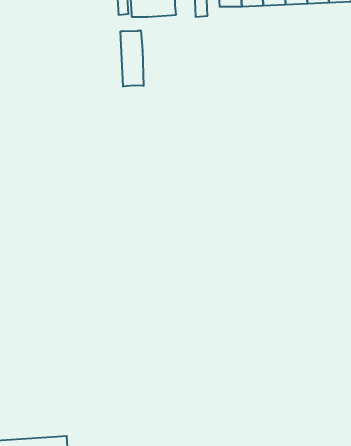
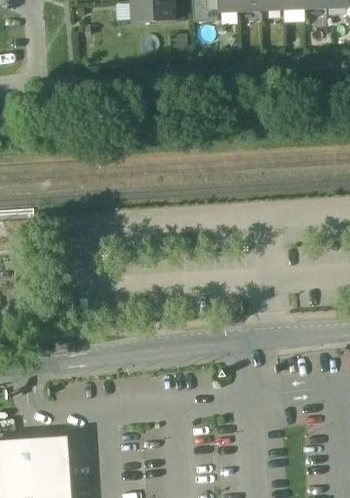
building: [121,30,143,87] -> none

